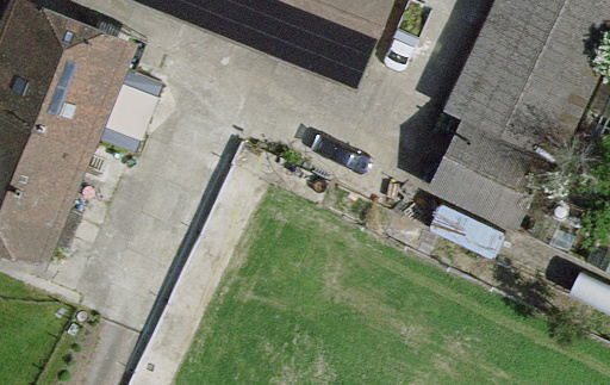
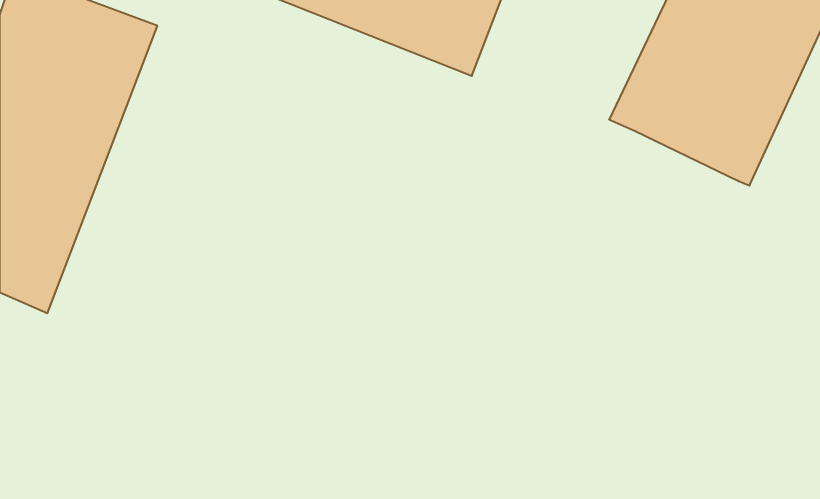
building: [436,107,546,213] -> none

